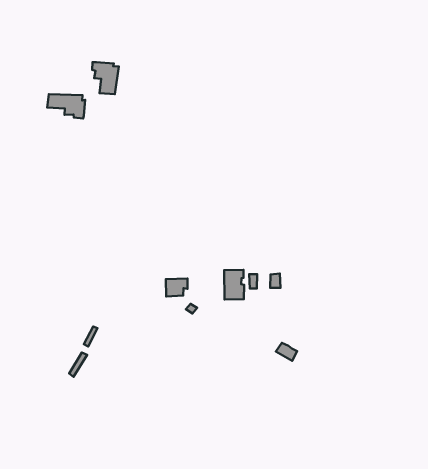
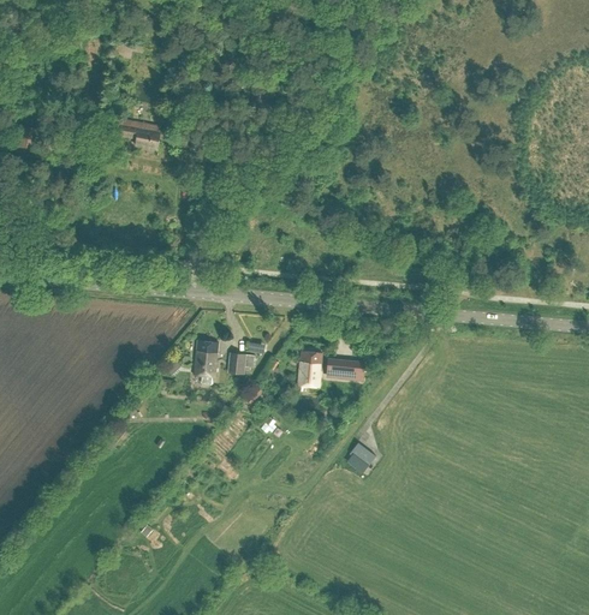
building: [92,62,119,94] -> none
building: none -> [192,339,218,384]

